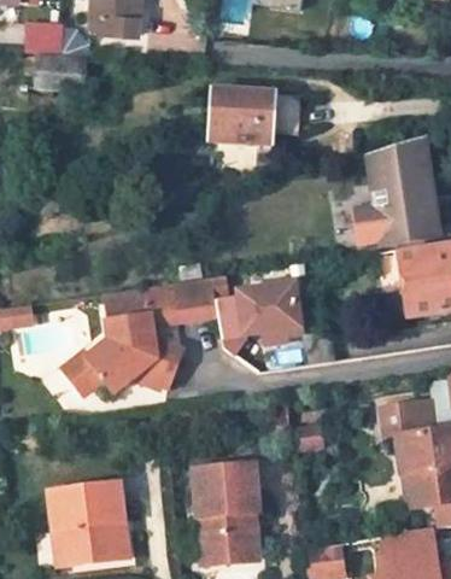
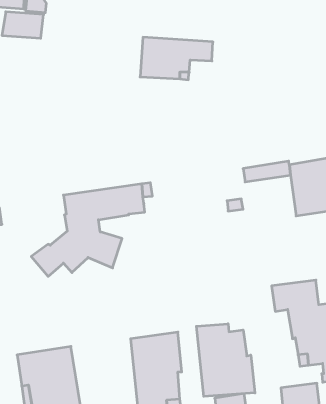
building: [353,134,437,242] -> none
building: [213,282,298,353] -> none
building: none -> [196,324,255,396]

